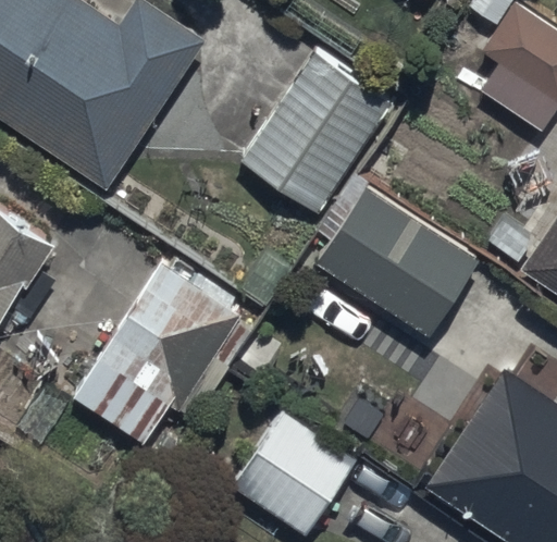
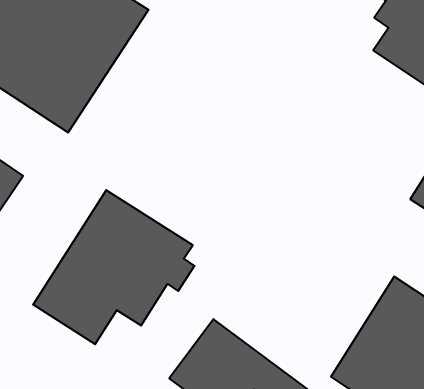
building: [243,48,394,210] -> none
building: [314,181,482,336] -> none

